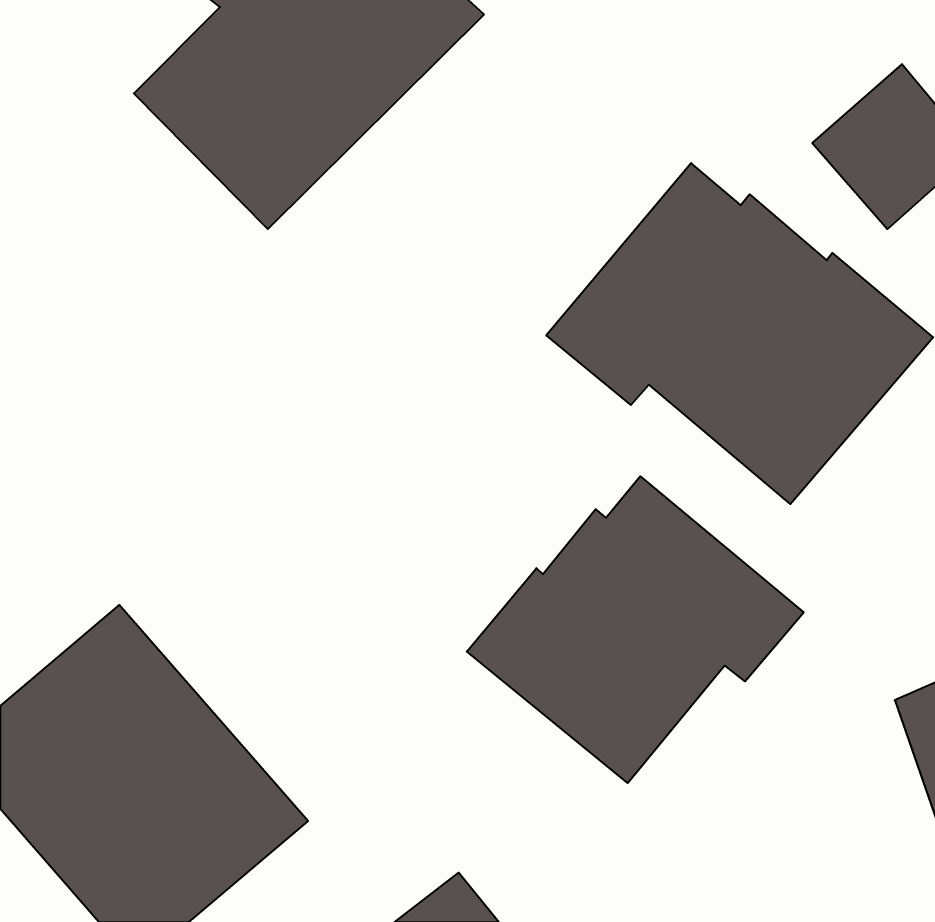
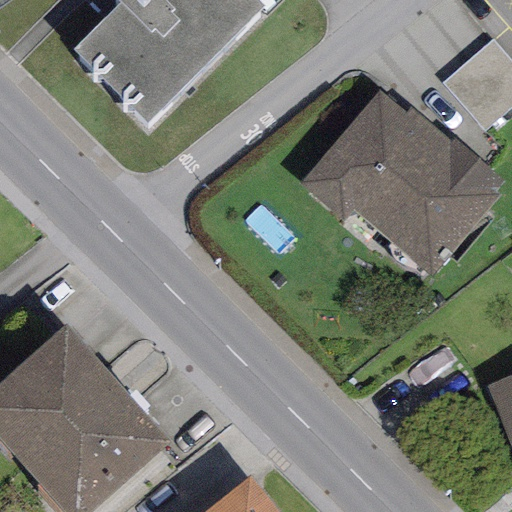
building: [467,476,804,783] -> none

